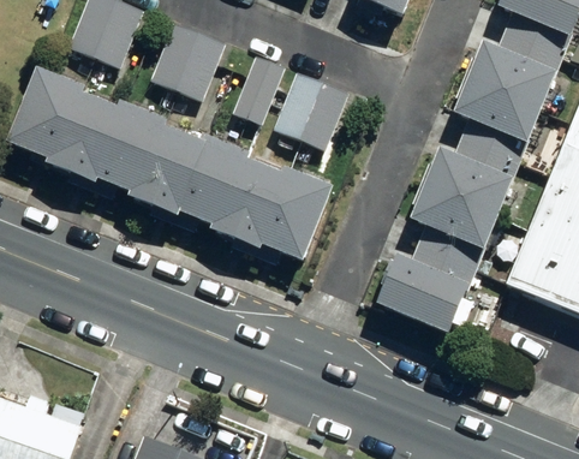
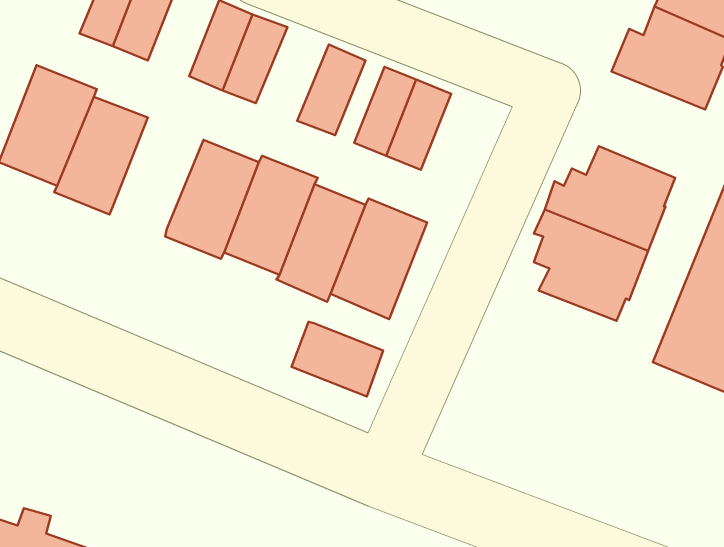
building: [456,71,543,151] -> none
building: [95,100,166,190] -> none
building: [377,237,476,330] -> none
building: none -> [291,322,383,396]

